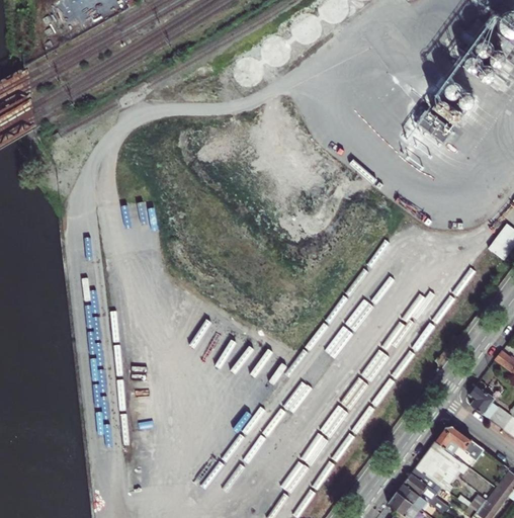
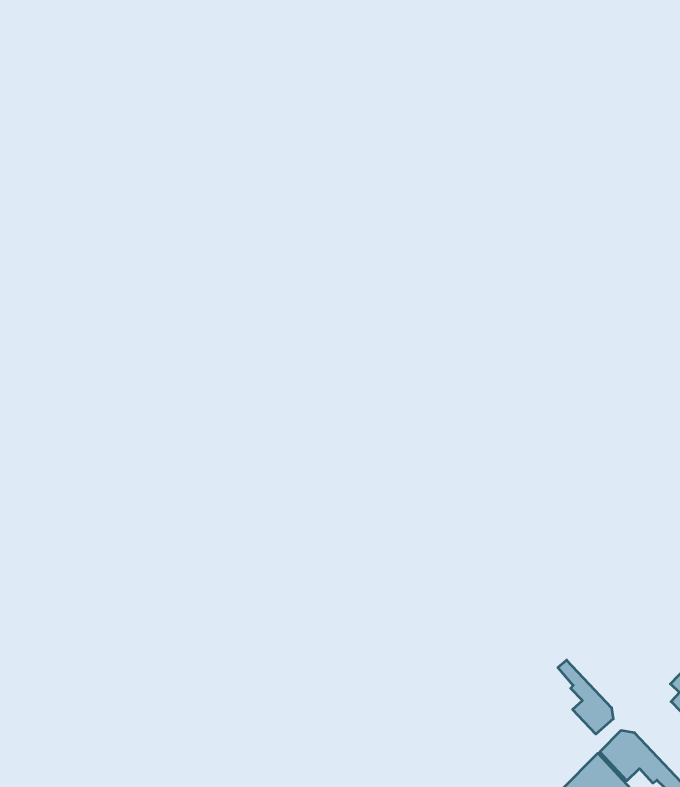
building: none -> [558,660,613,734]

